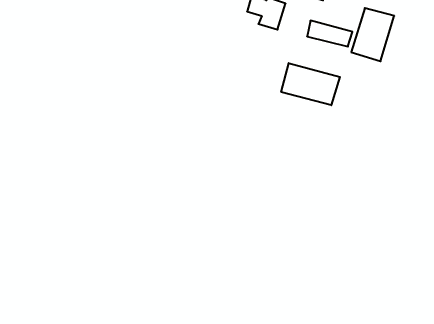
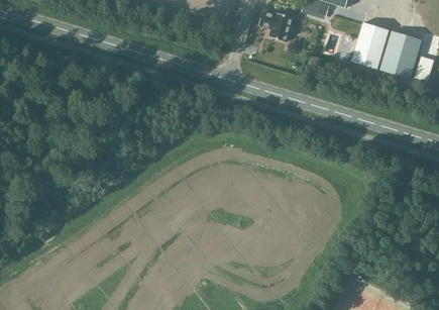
building: none -> [380,30,422,80]
building: [281,63,340,105] -> none

